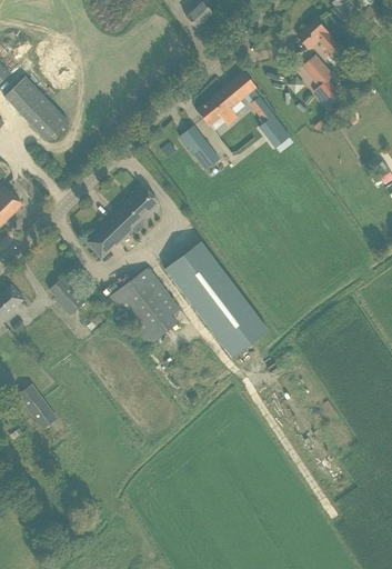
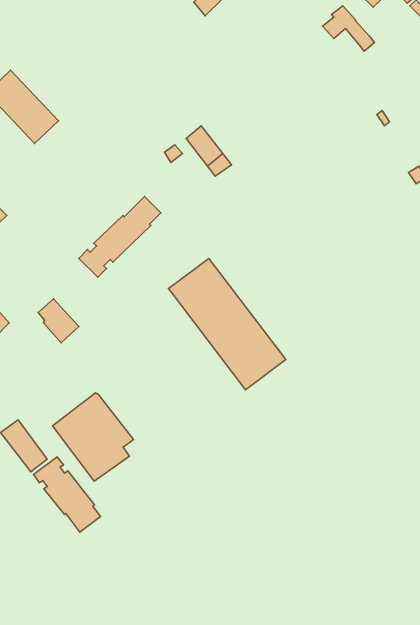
building: [302,54,340,102] -> none
building: [195,71,290,148] -> none
building: [109,267,180,345] -> [53,393,133,481]
building: none -> [33,457,101,532]

